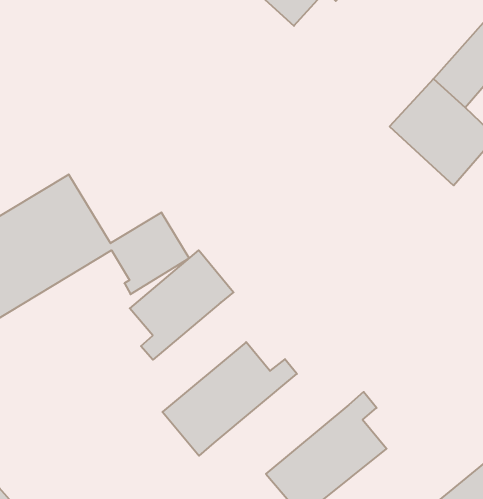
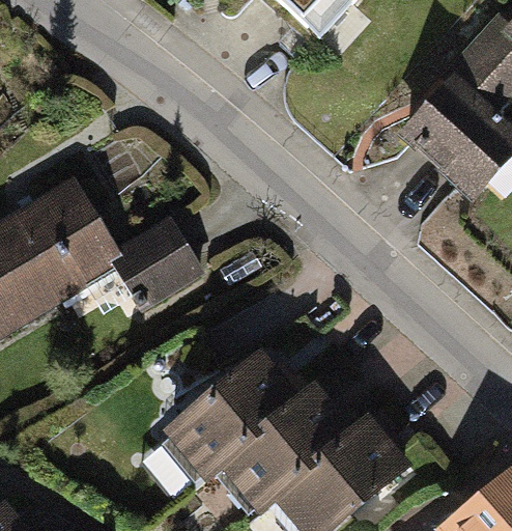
building: [130,250,234,360] -> none
building: none -> [226,391,366,508]

